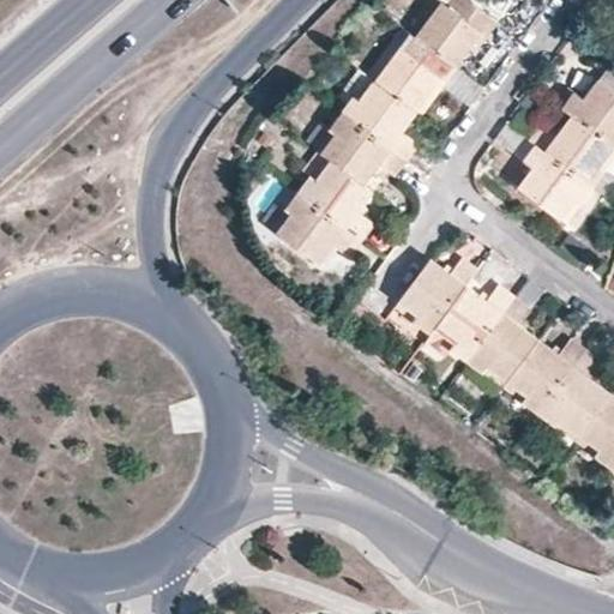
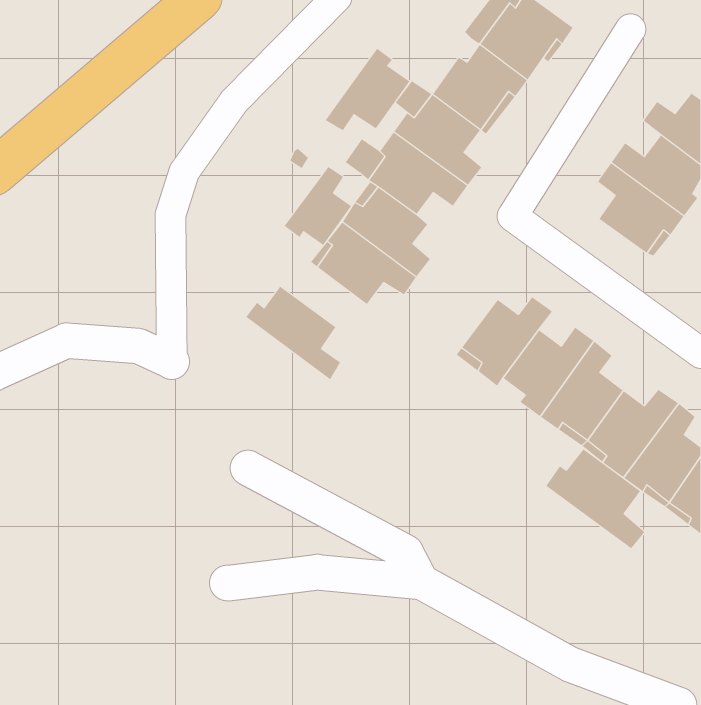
building: none -> [325,48,410,131]
building: none -> [284,166,352,246]
building: none -> [246,286,341,380]
building: none -> [546,449,645,549]

